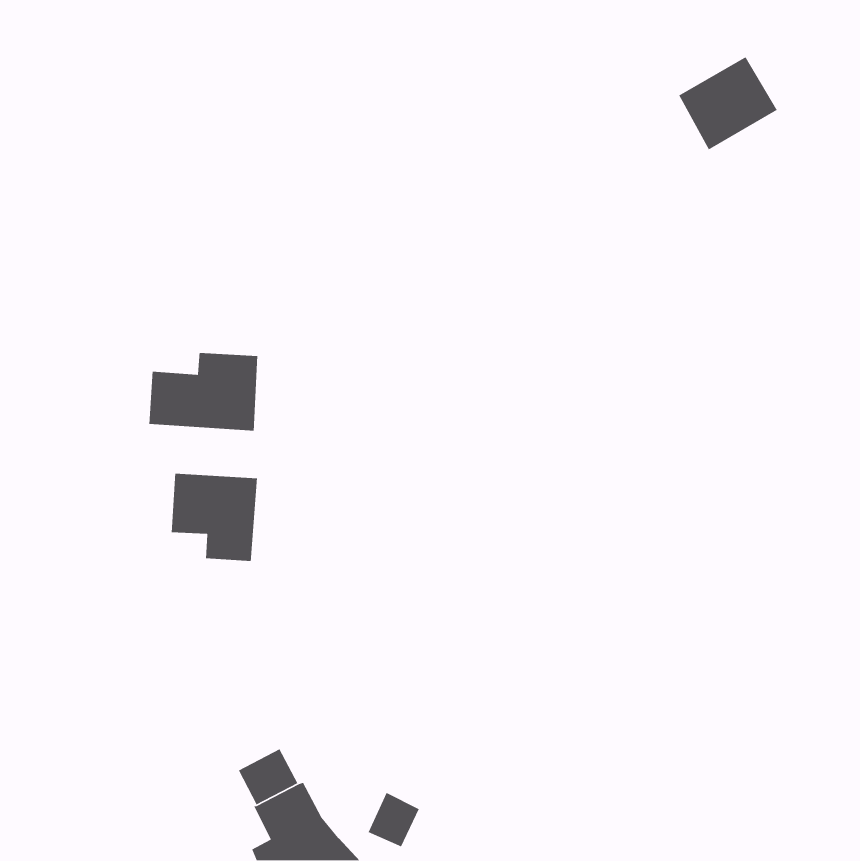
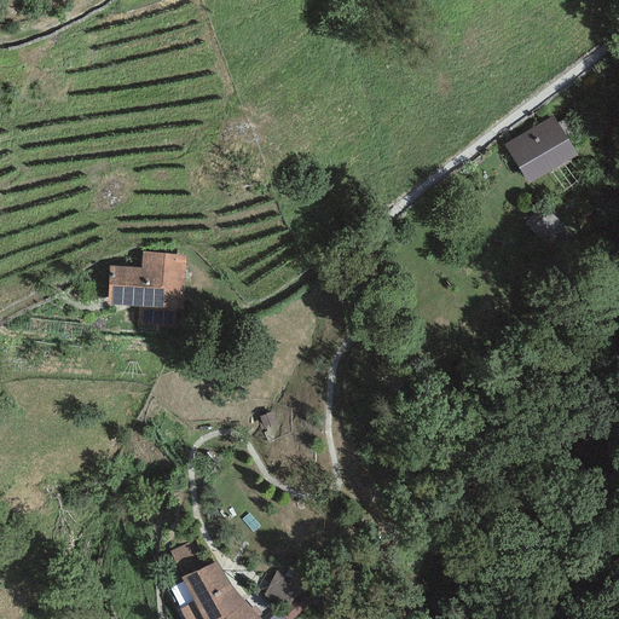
building: [678,56,778,151] -> [505,116,577,184]
building: [171,473,258,562] -> none

